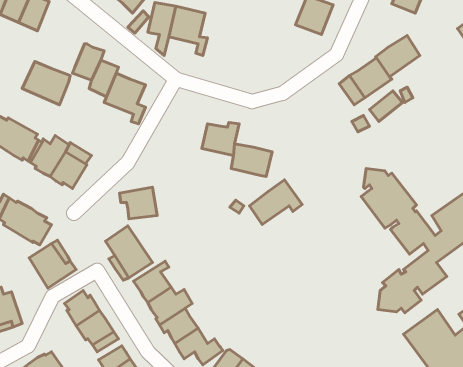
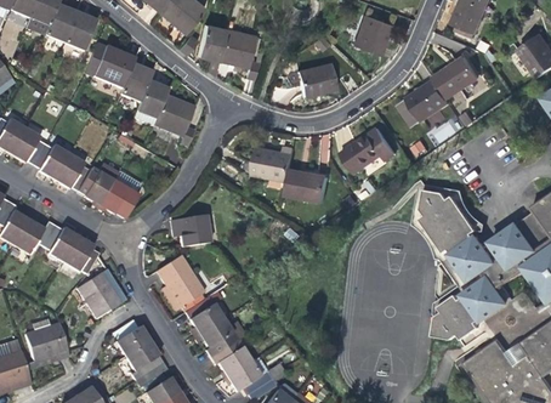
building: none -> [295,62,334,95]
building: [22,61,70,105] -> [84,44,134,89]
building: [249,180,302,224] -> [341,126,396,172]

